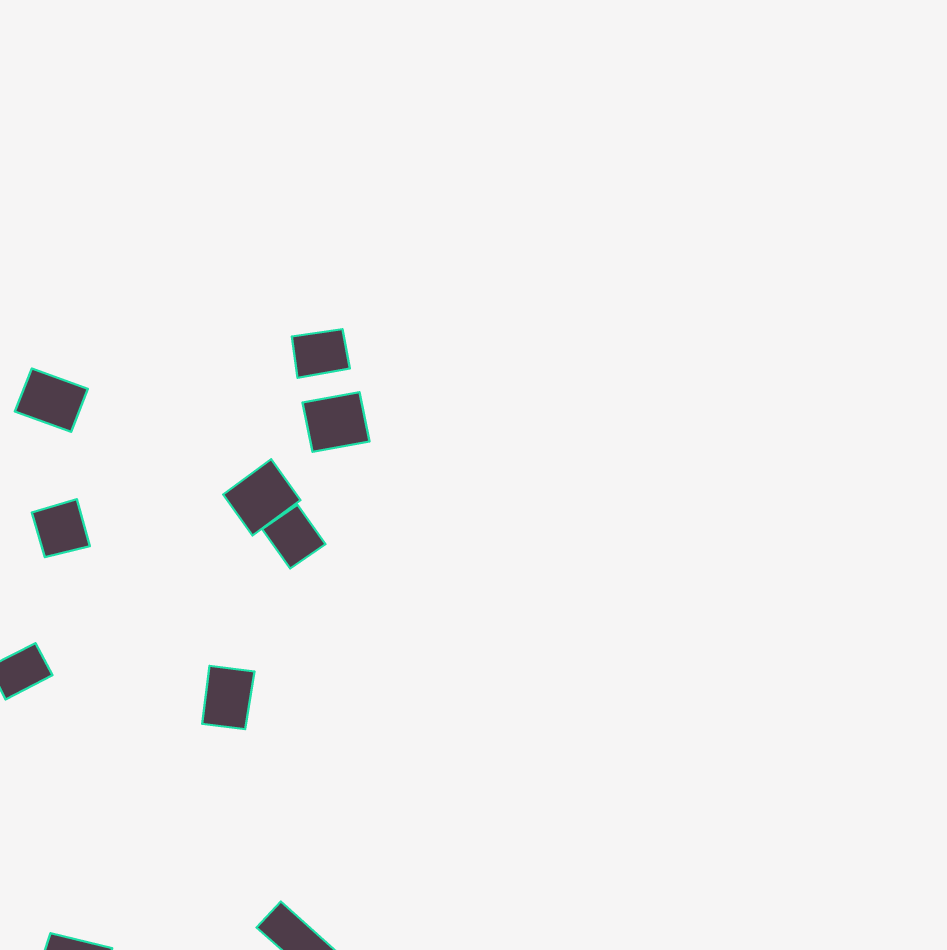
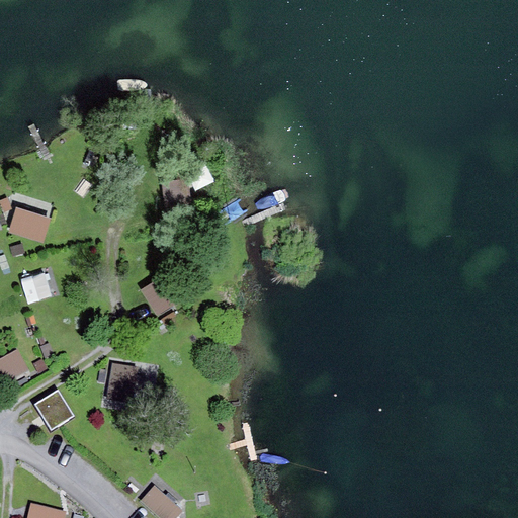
building: [303,392,369,452] -> none
building: [223,459,300,535] -> none
building: none -> [36,388,75,429]

